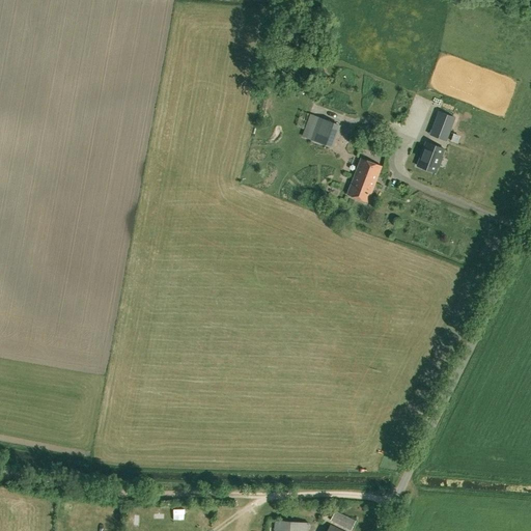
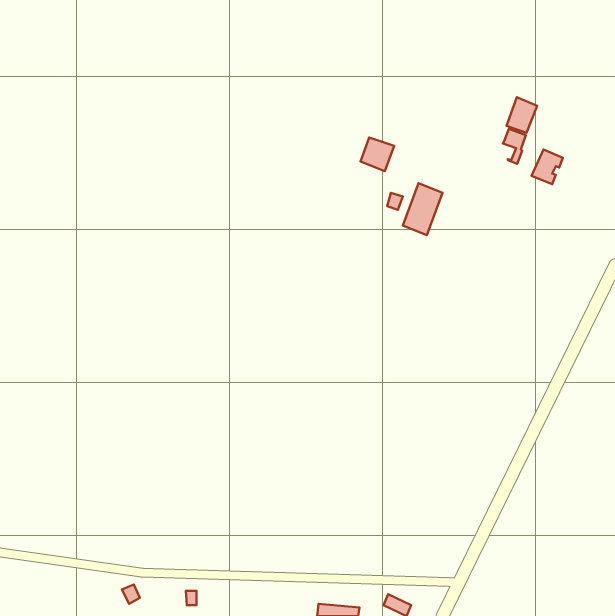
building: none -> [506,97,537,133]
building: [415,143,442,173] -> [532,149,563,184]

